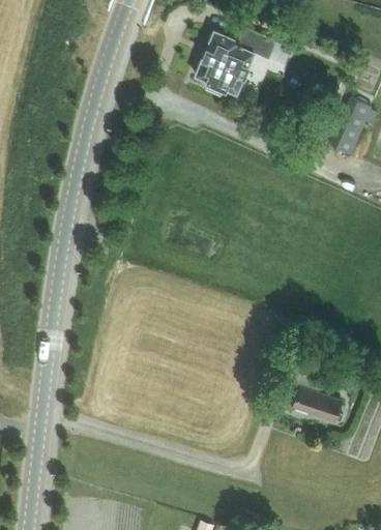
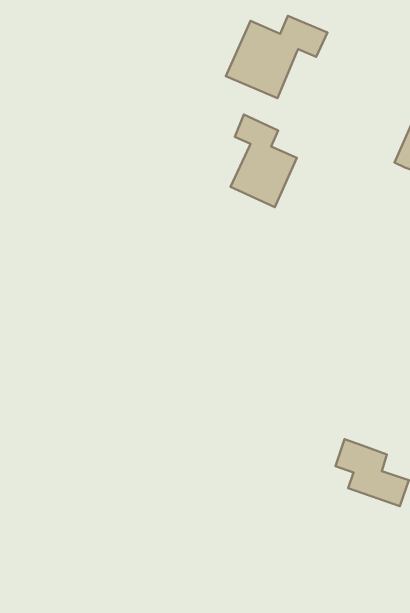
building: none -> [231,115,297,207]

